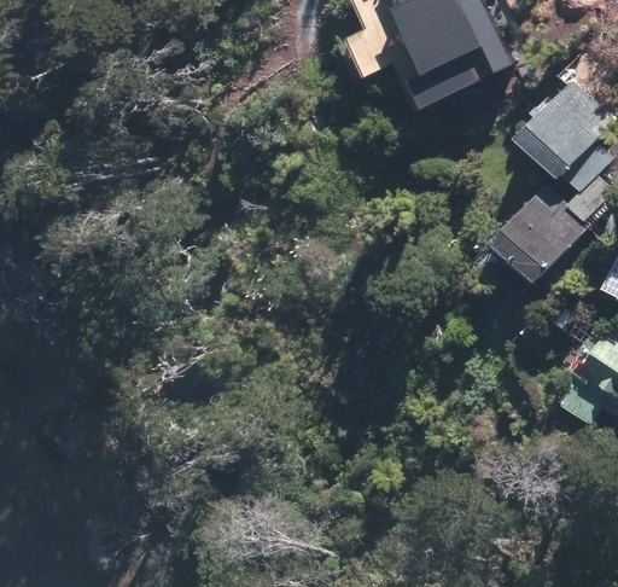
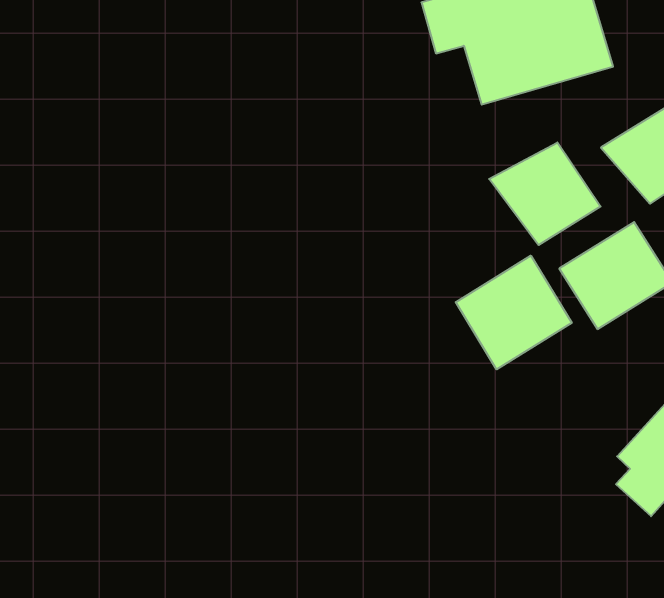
building: none -> [489,142,601,245]
building: none -> [456,256,572,369]

